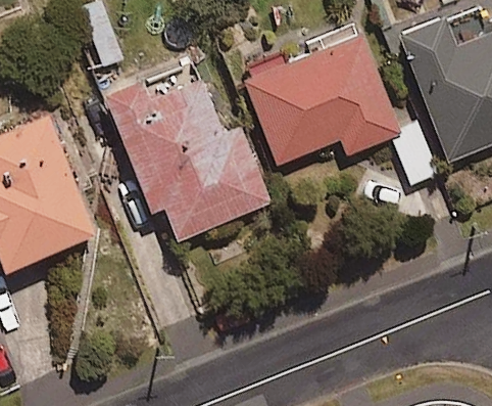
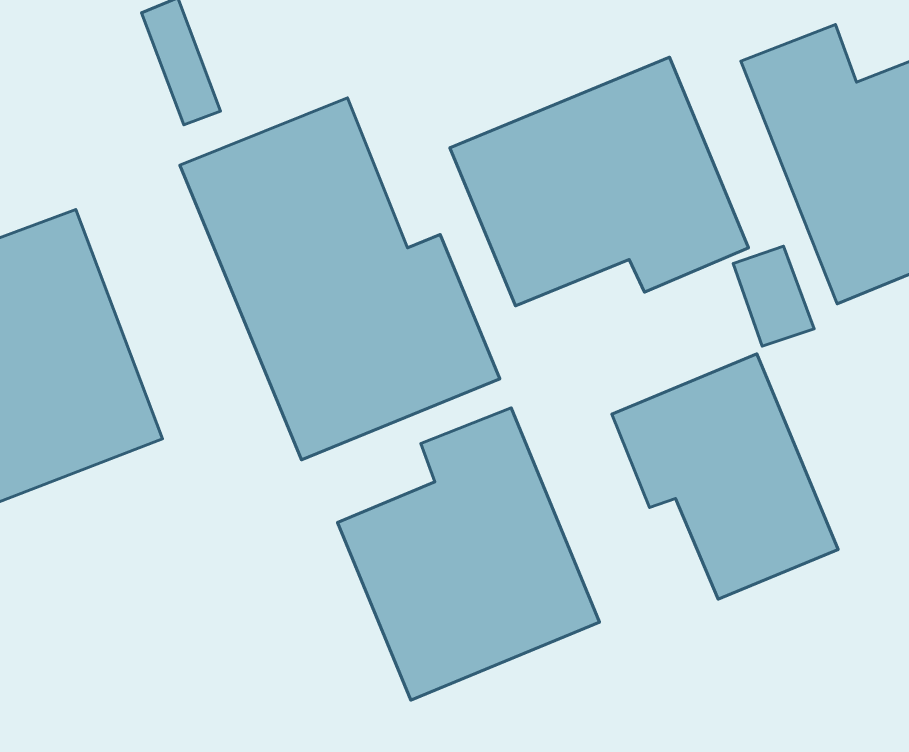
building: none -> [612,354,838,599]
building: none -> [338,408,600,700]

